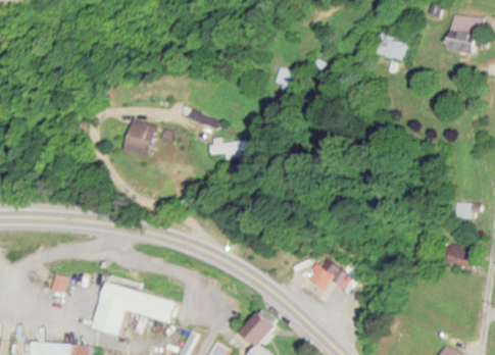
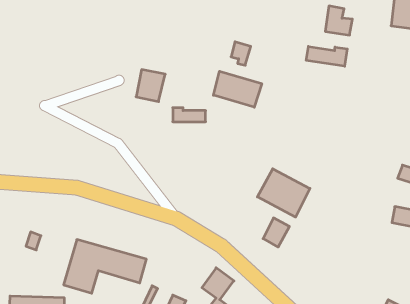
building: none -> [306,46,347,66]
building: none -> [213,71,262,107]
building: [126,119,157,154] -> [136,70,165,102]
building: none -> [257,169,310,217]

